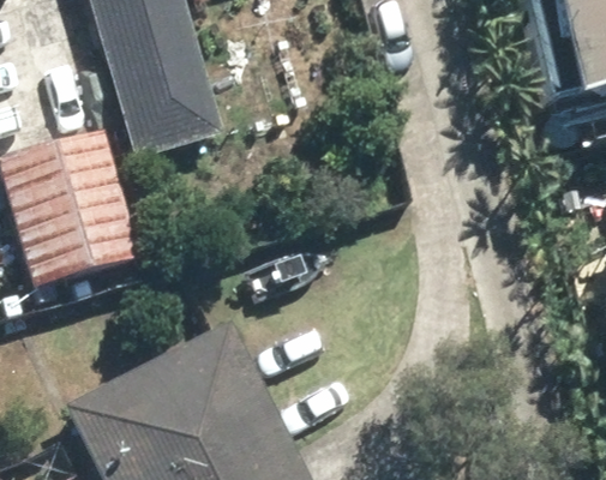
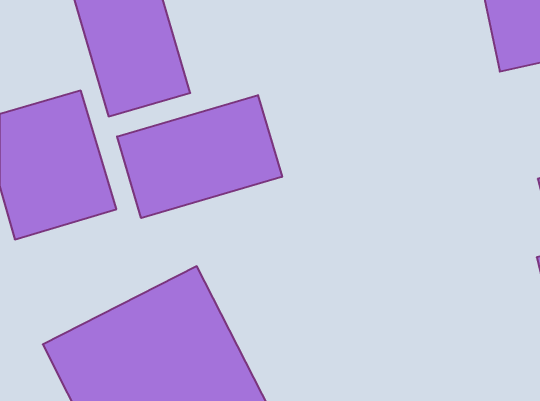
building: none -> [117,95,282,218]

